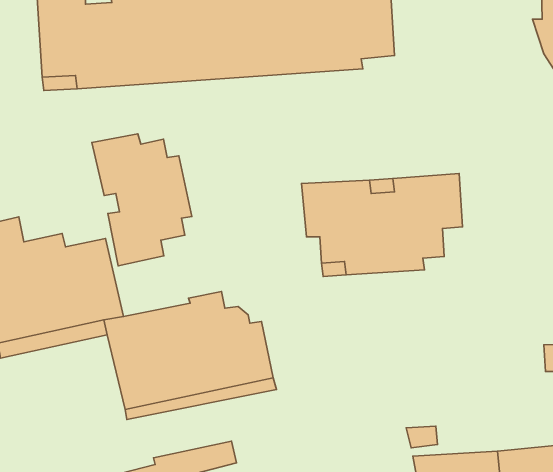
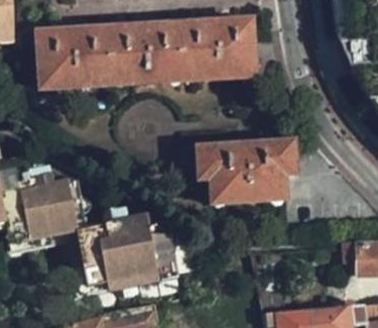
building: [92,134,192,266] -> none

